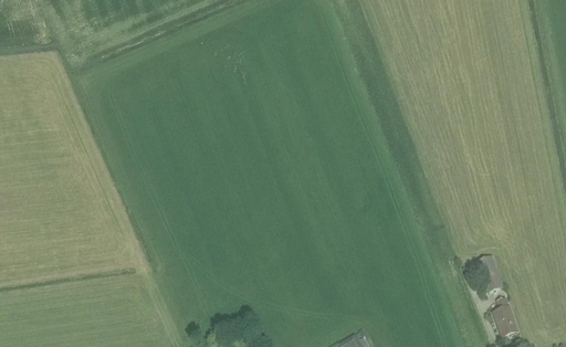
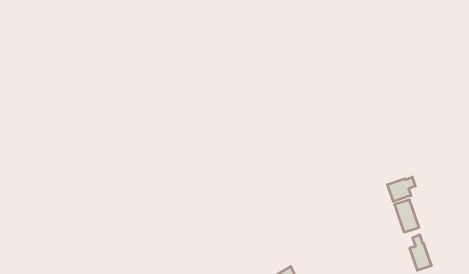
building: none -> [387,177,415,202]

